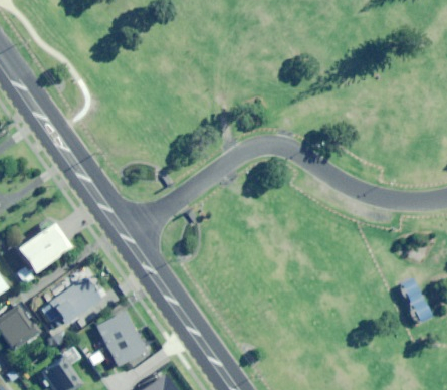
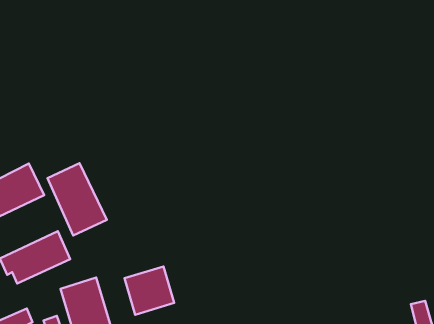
building: none -> [48,163,107,236]
building: none -> [125,266,174,315]

